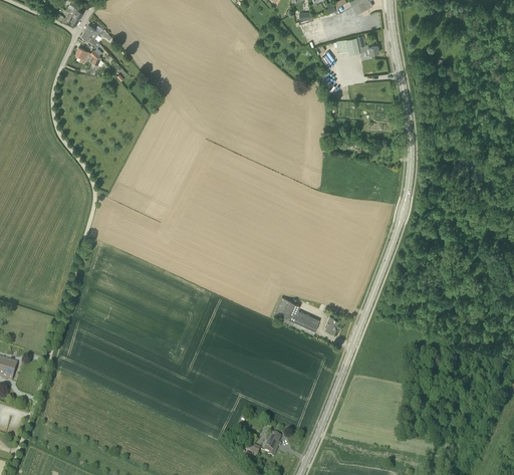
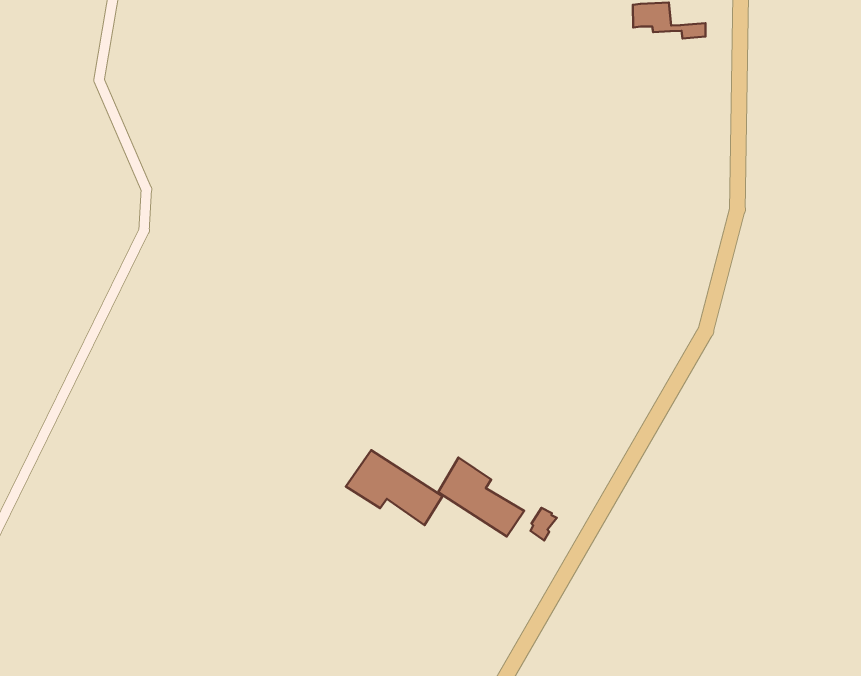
building: none -> [346,450,443,525]

